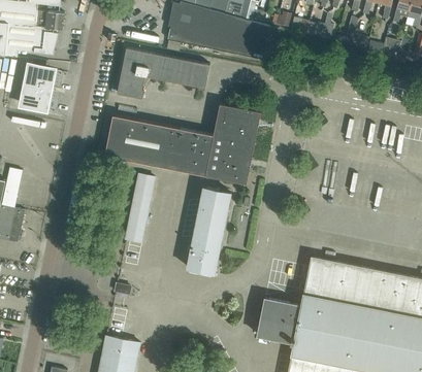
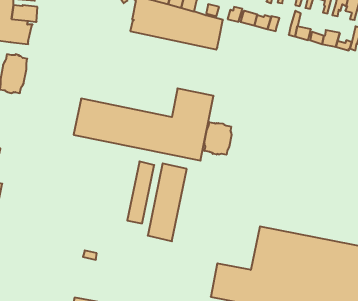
building: [117,47,209,97] -> none
building: none -> [204,122,232,155]
building: [125,173,155,242] -> [127,161,154,223]

